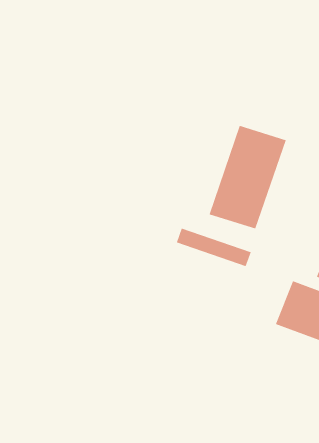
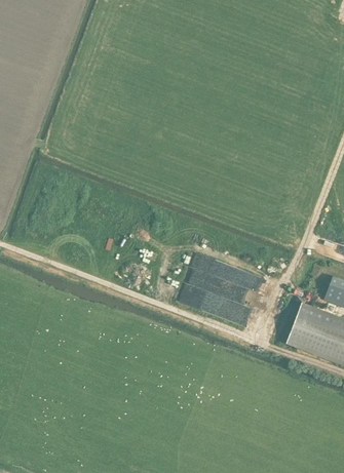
building: [208,125,287,230] -> none

